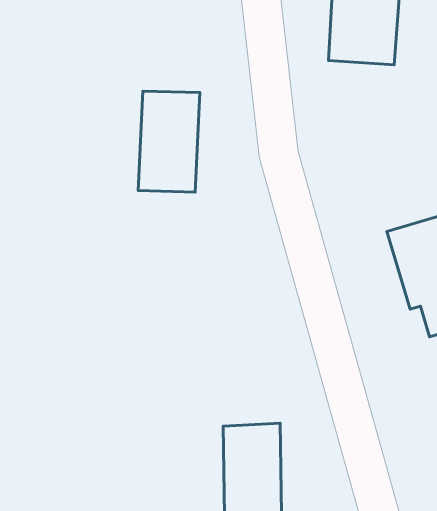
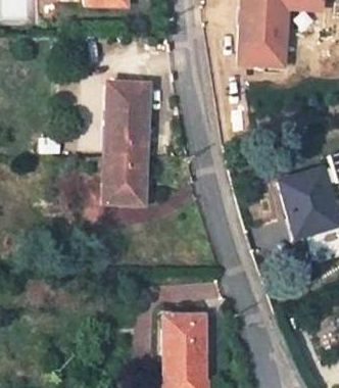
building: none -> [104,152,145,202]

